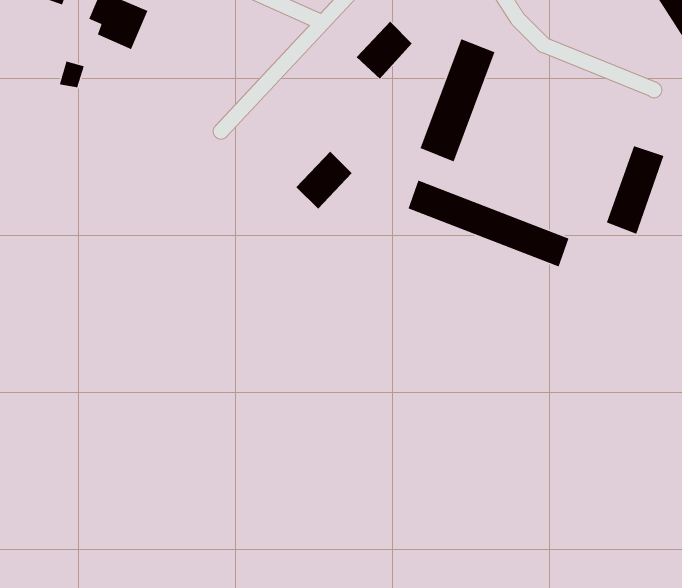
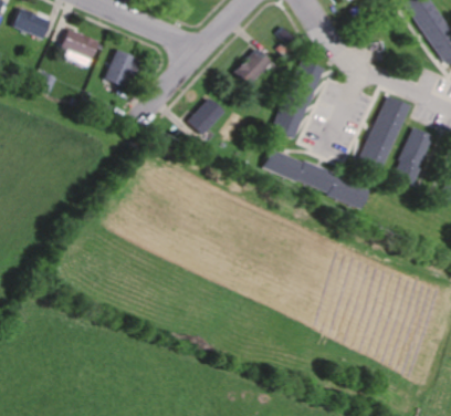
building: none -> [105,50,136,87]
building: none -> [358,96,405,175]
building: [296,151,353,209] -> [188,98,224,136]

